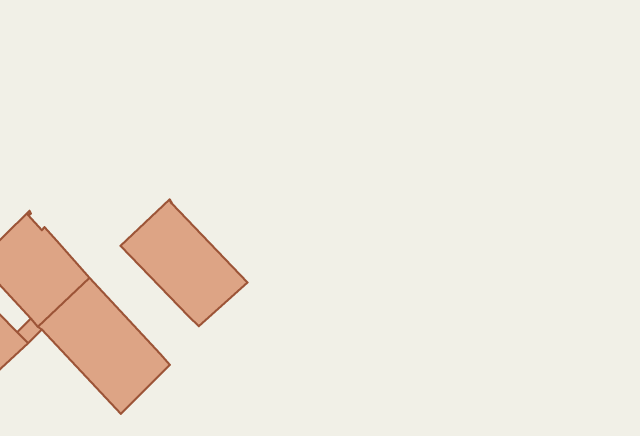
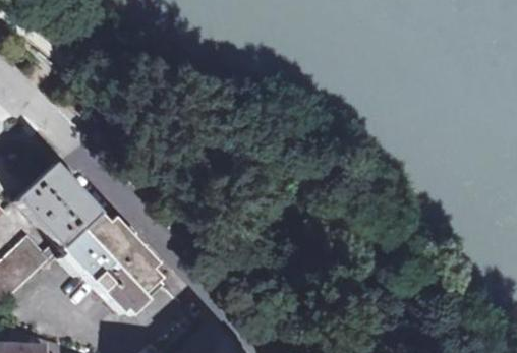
building: [120,199,247,326] -> none

